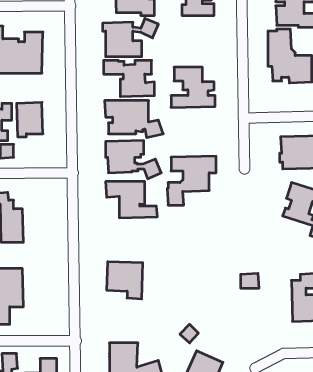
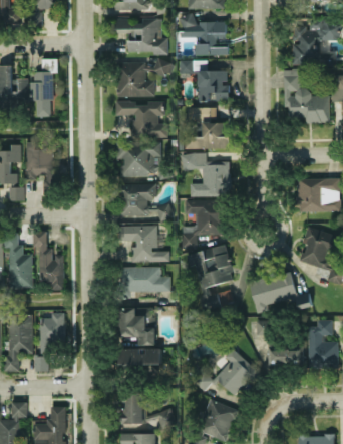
building: none -> [180,60,229,102]
building: none -> [181,152,230,196]
building: none -> [33,232,64,290]
building: none -> [185,244,233,311]
building: none -> [118,268,170,298]
building: none -> [249,271,312,313]
building: none -> [35,312,65,372]
building: none -> [268,346,303,366]
building: none -> [119,349,160,365]
building: none -> [215,349,260,399]

